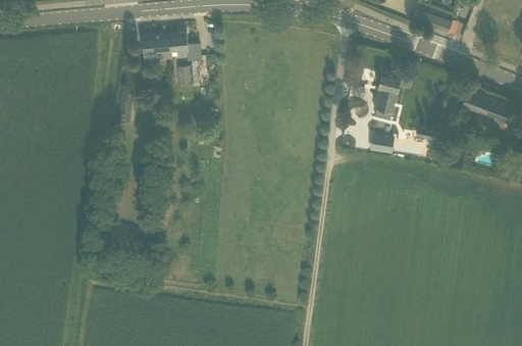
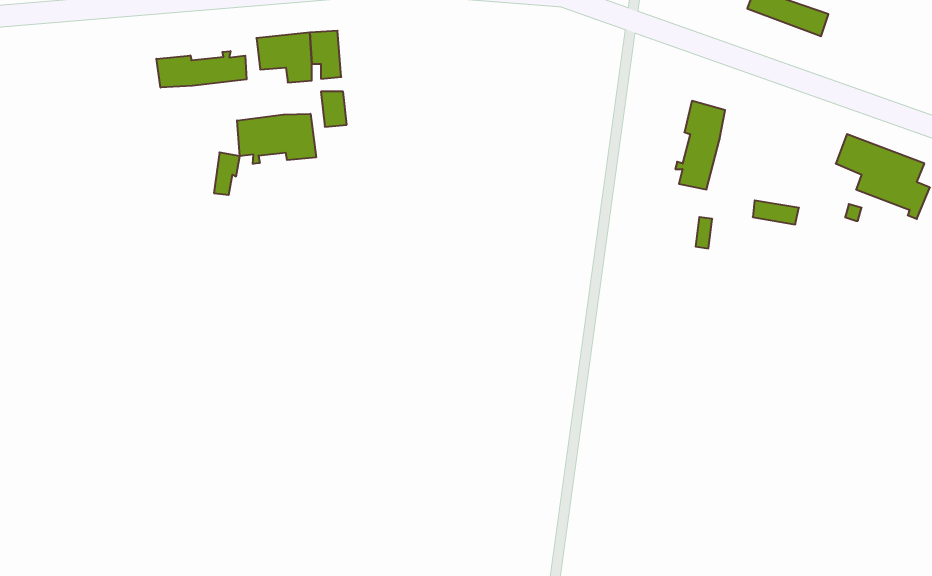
building: none -> [156,51,247,88]
building: none -> [237,114,316,164]

